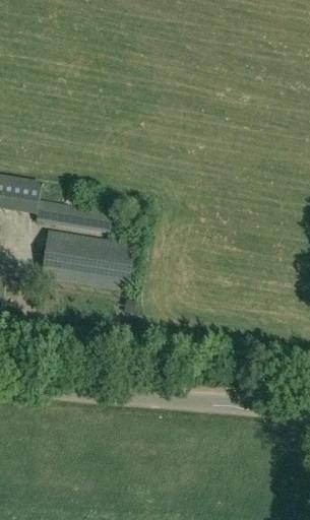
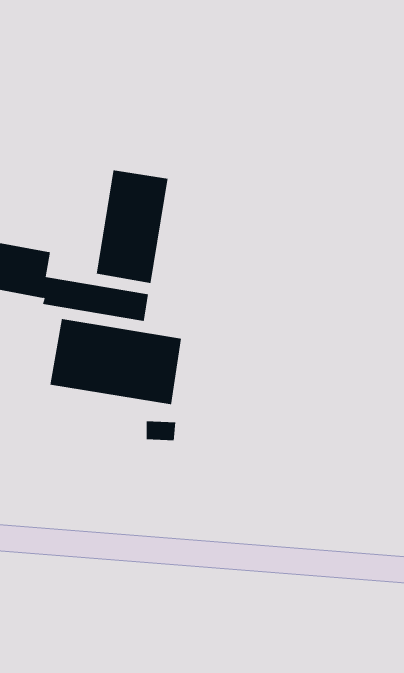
building: none -> [96,170,168,284]

